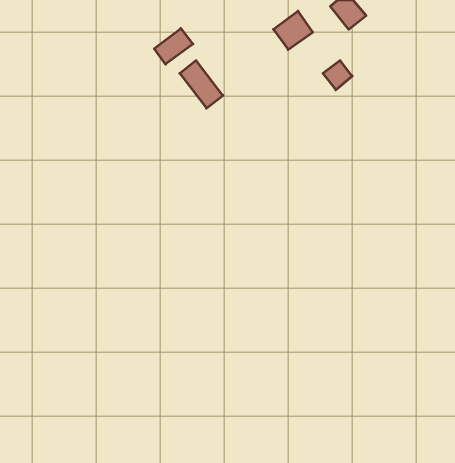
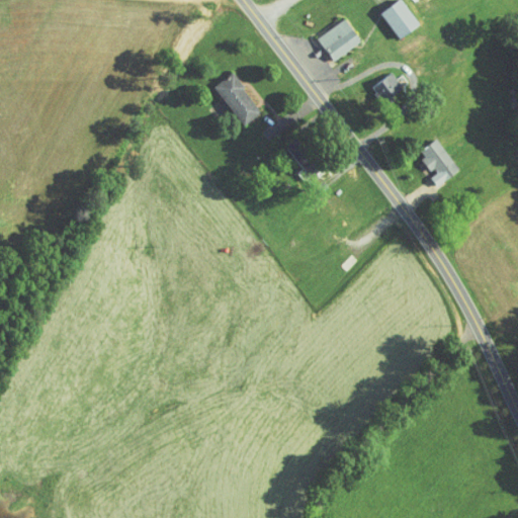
building: [154,28,193,64] -> none
building: none -> [418,139,459,186]

